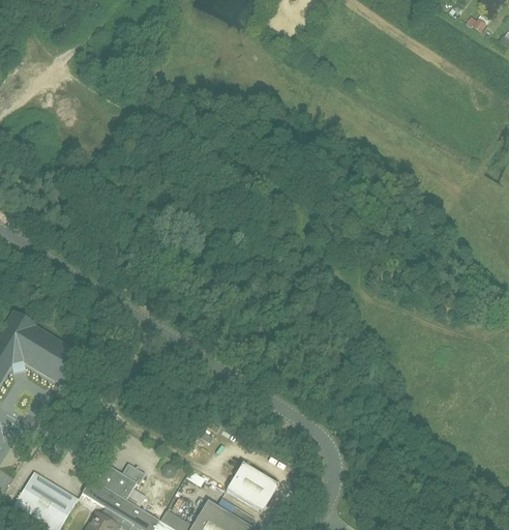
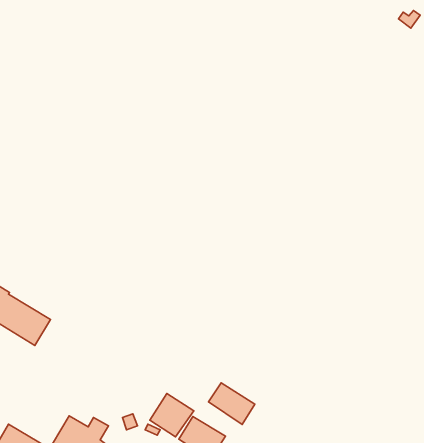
building: none -> [209,383,255,424]
building: none -> [150,394,194,437]

